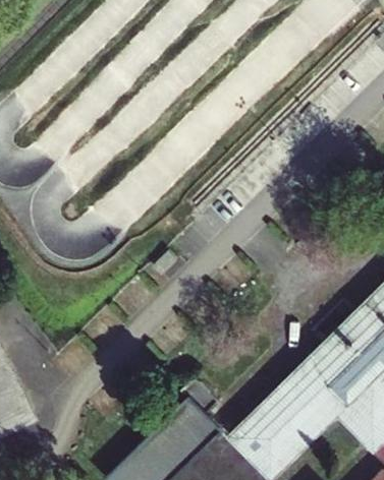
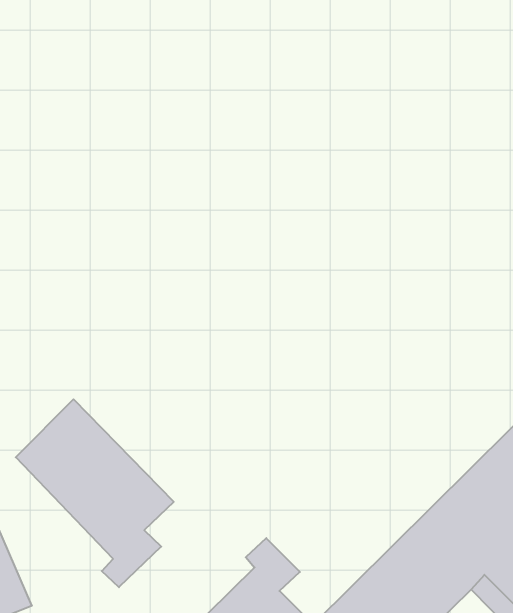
building: none -> [16,399,174,587]

